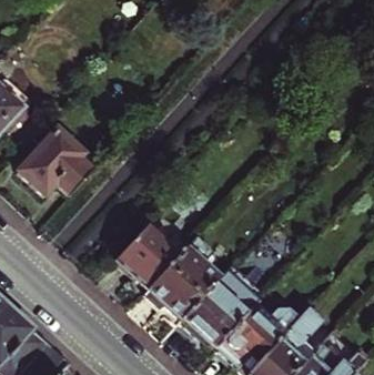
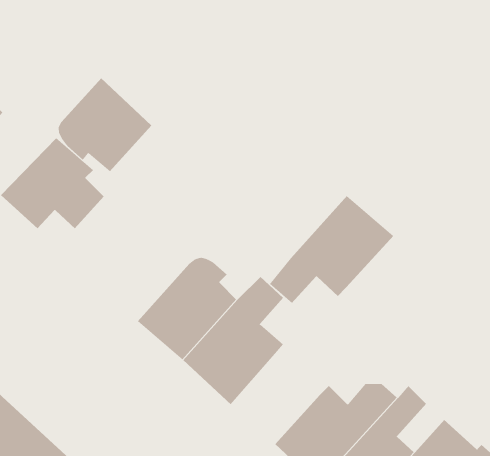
building: none -> [58,78,152,172]
building: none -> [269,195,394,304]
building: [183,282,246,346] -> none

